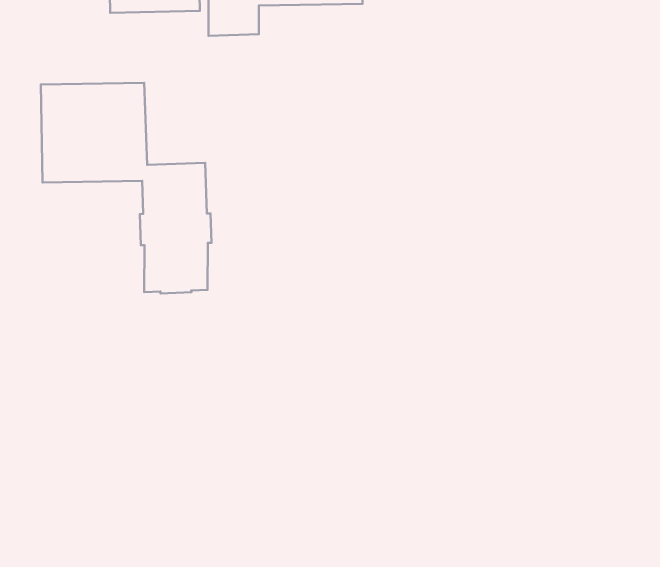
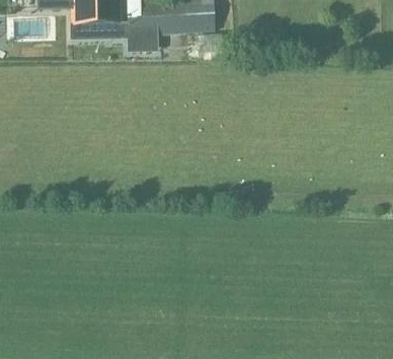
building: [41,83,211,293] -> none

